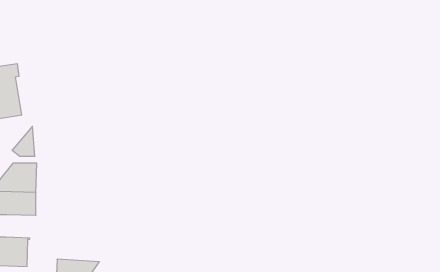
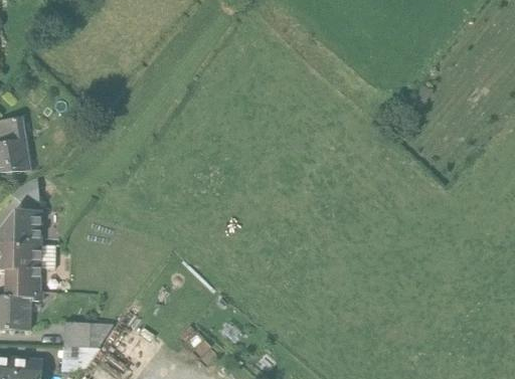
building: none -> [7,276,43,308]

